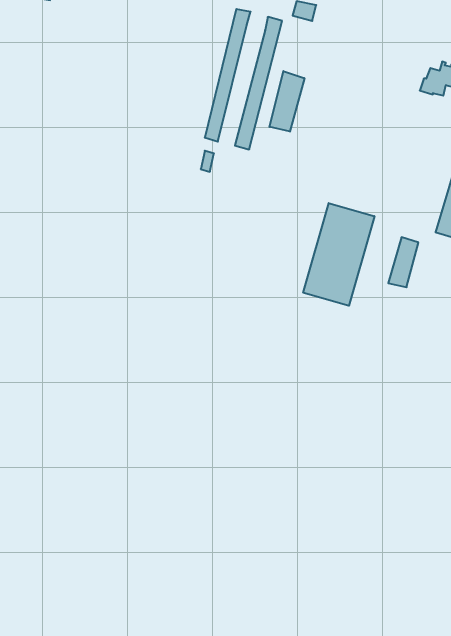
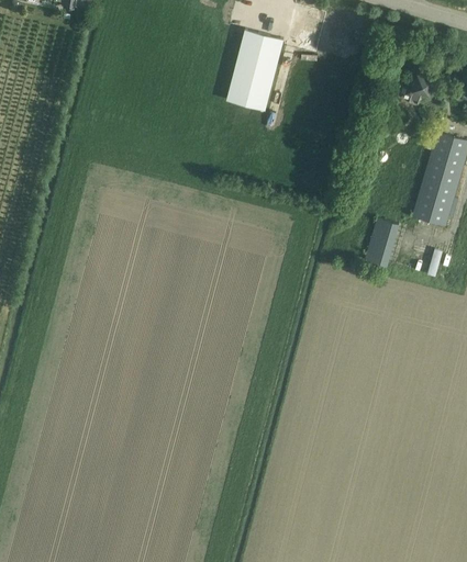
building: [269,71,304,132] -> none
building: [303,203,374,306] -> none

